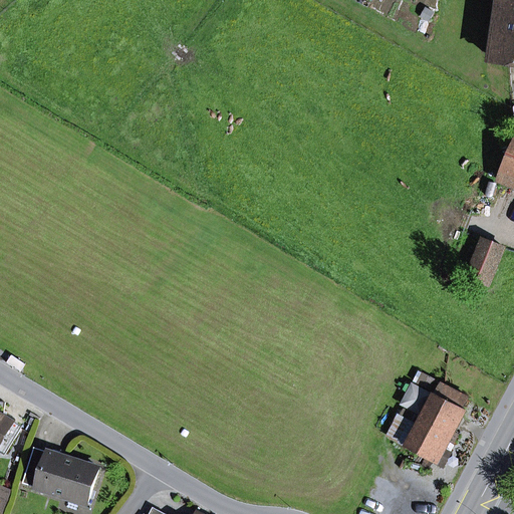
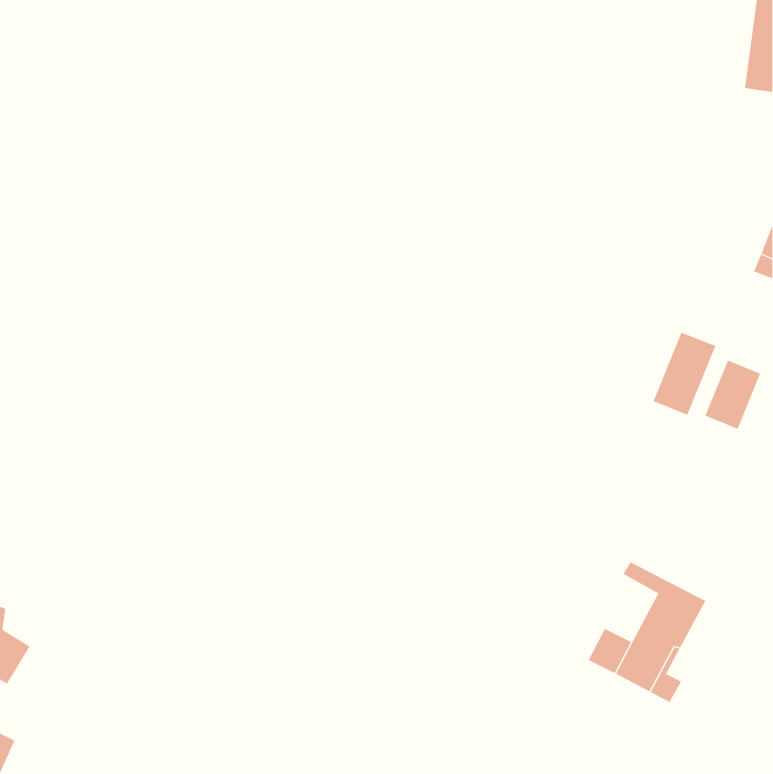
building: none -> [653,332,716,416]
building: [22,447,98,504] -> none

